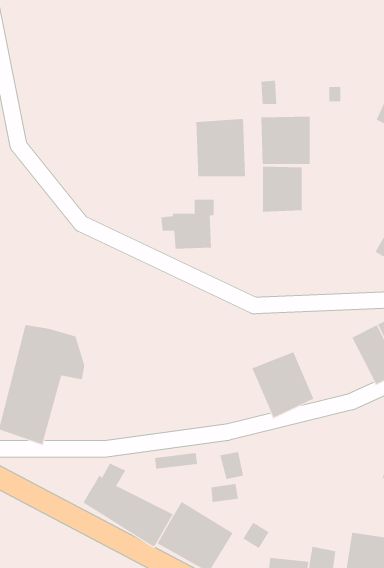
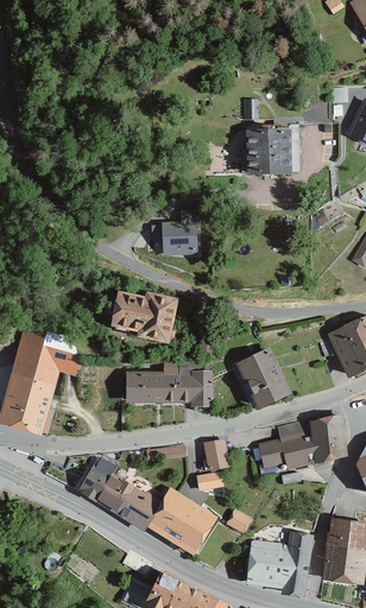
building: [196,118,246,177] -> none
building: [262,166,302,212] -> none
building: none -> [112,292,179,346]
building: none -> [125,369,213,410]
building: none -> [259,413,346,468]

